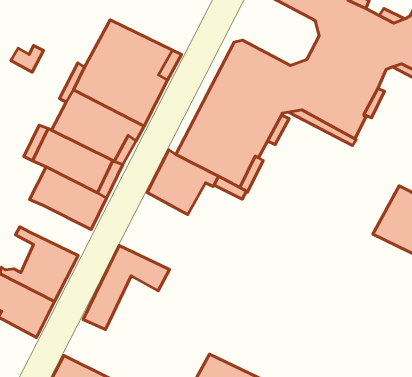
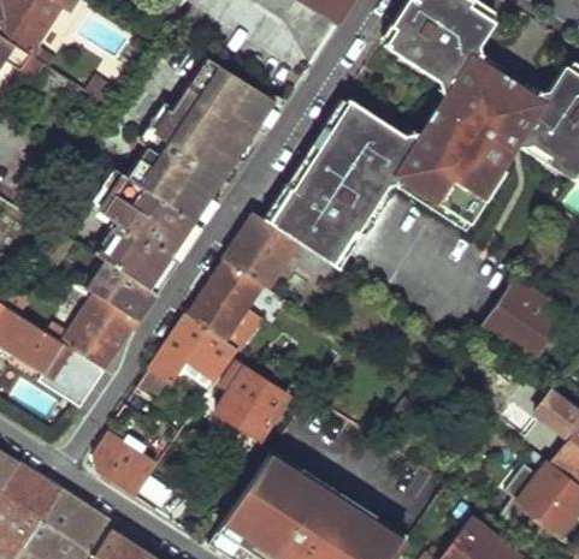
building: none -> [185,258,264,349]
building: none -> [85,260,155,321]
building: none -> [217,361,290,440]

